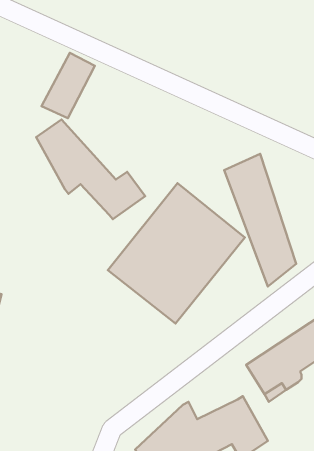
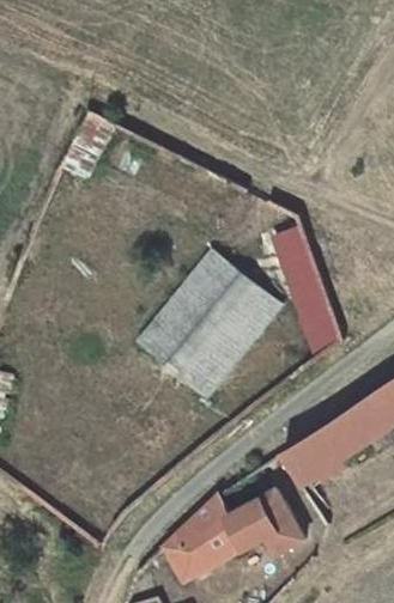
building: [36,119,145,219] -> none

